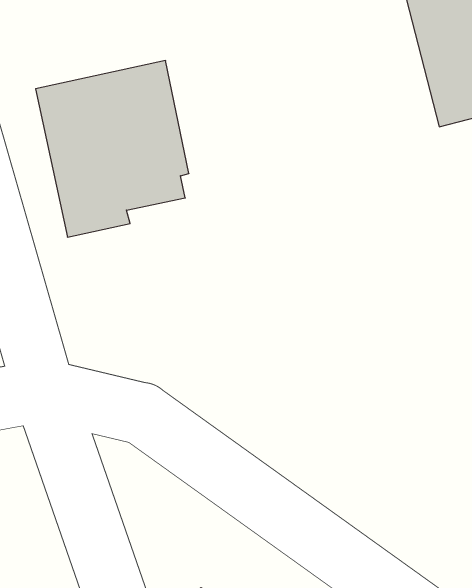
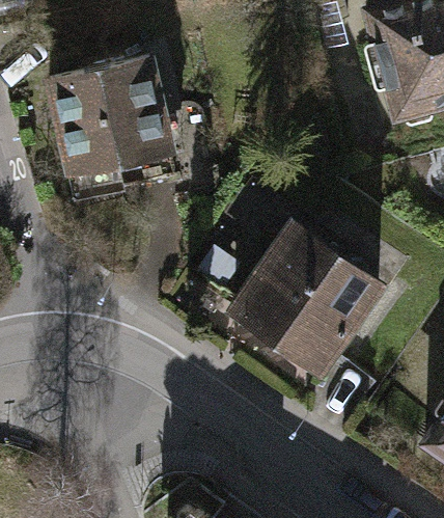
building: none -> [232,227,374,366]

